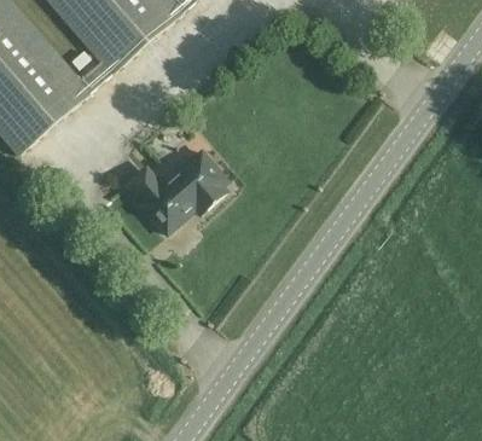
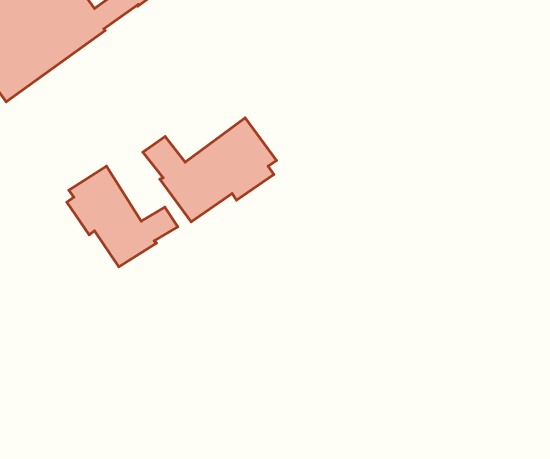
building: none -> [67,166,178,267]

